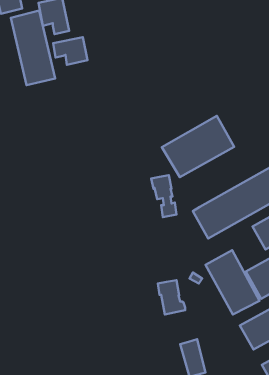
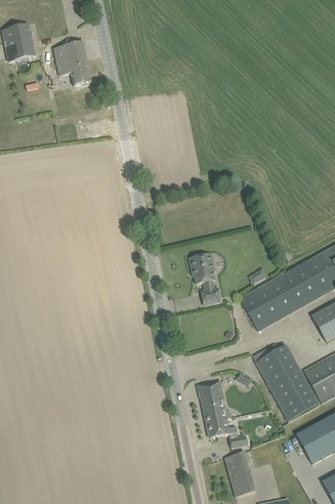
building: [11,10,55,85] -> none
building: [53,37,87,65] -> none
building: [162,116,234,177] -> none
building: none -> [206,417,248,447]

